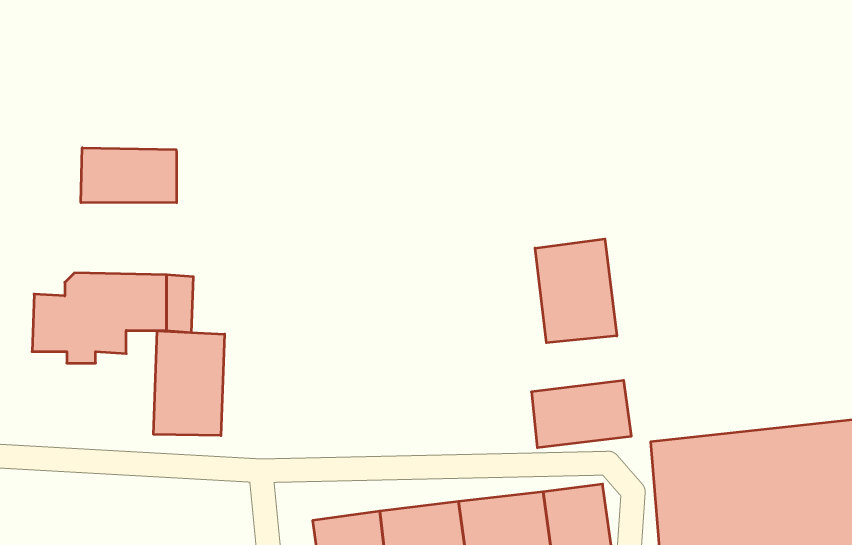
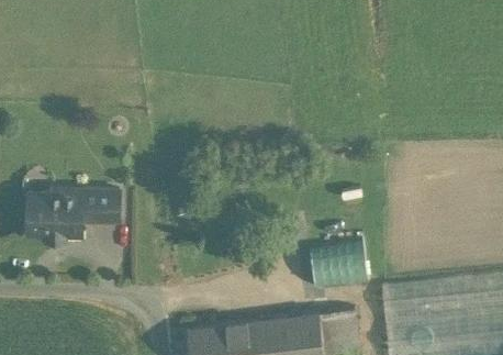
building: [81,148,177,203] -> none
building: [535,239,617,343] -> none
building: [154,331,225,436] -> none

